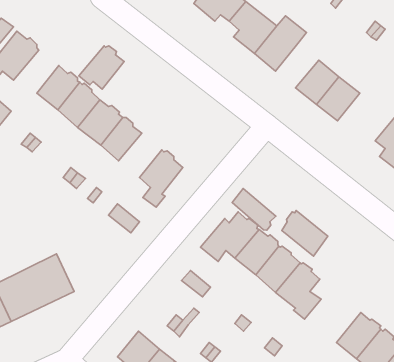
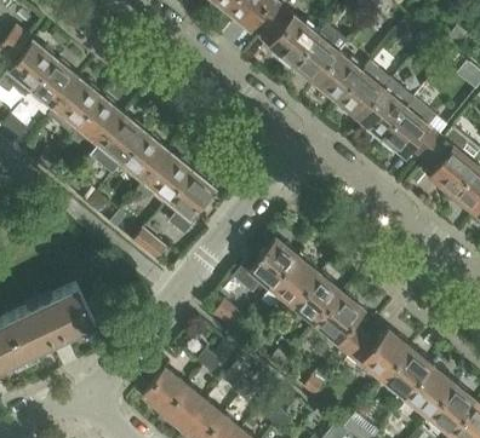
building: none -> [316,54,364,103]
building: [79,46,124,89] -> [29,62,79,109]
building: none -> [384,109,440,157]
building: none -> [144,152,192,201]
building: [232,188,276,230] -> none
building: [282,210,328,256] -> none
building: none -> [348,330,410,381]

